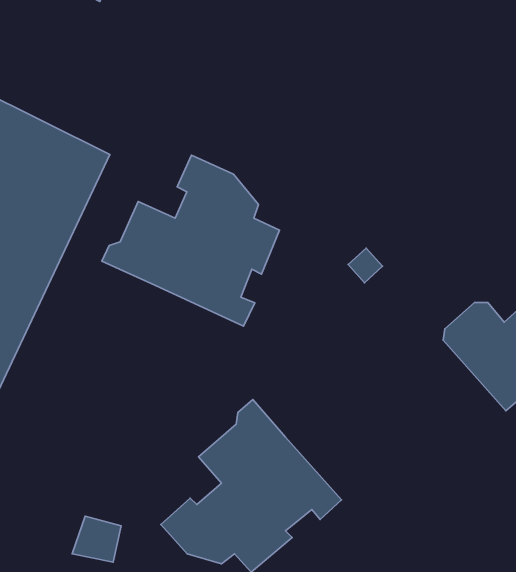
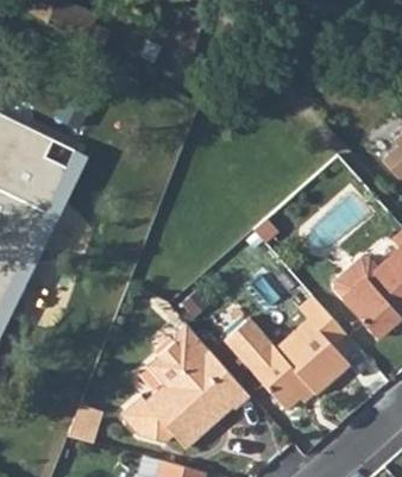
building: [102,155,280,326] -> none
building: none -> [228,297,352,410]

